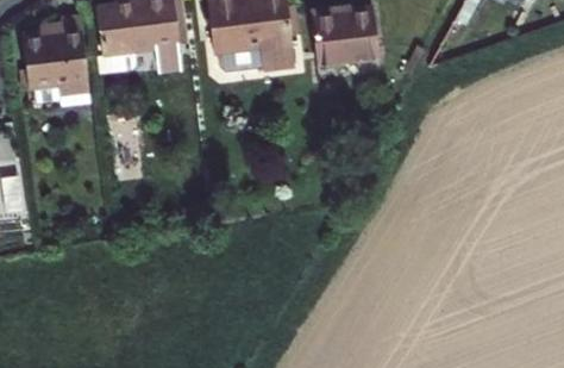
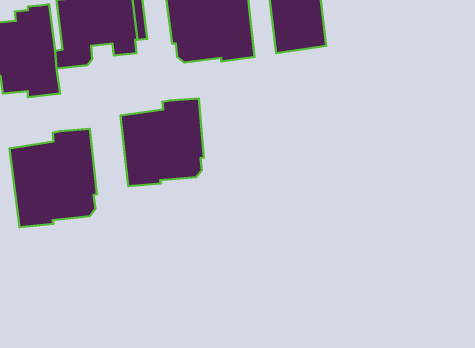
building: none -> [121,99,204,186]
building: none -> [10,129,97,227]

